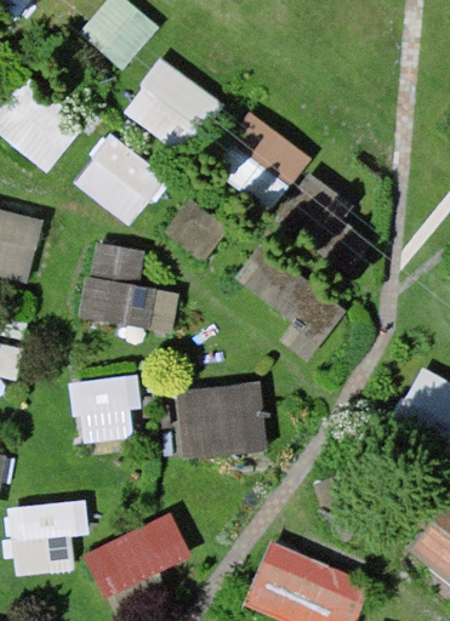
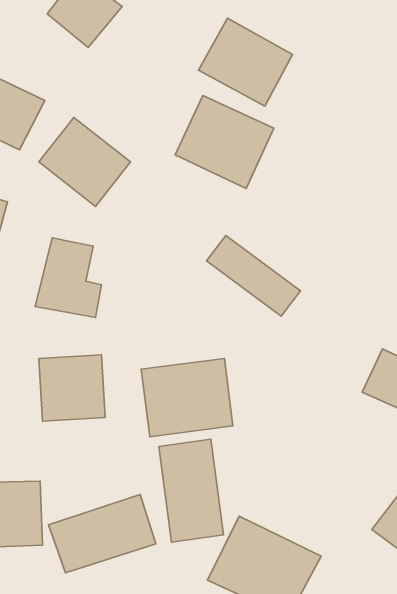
building: [126,61,221,149] -> [198,18,292,106]
building: none -> [159,439,223,542]

